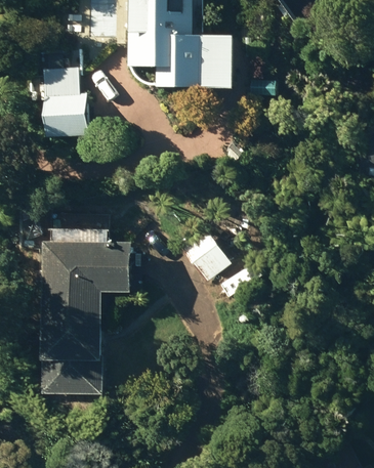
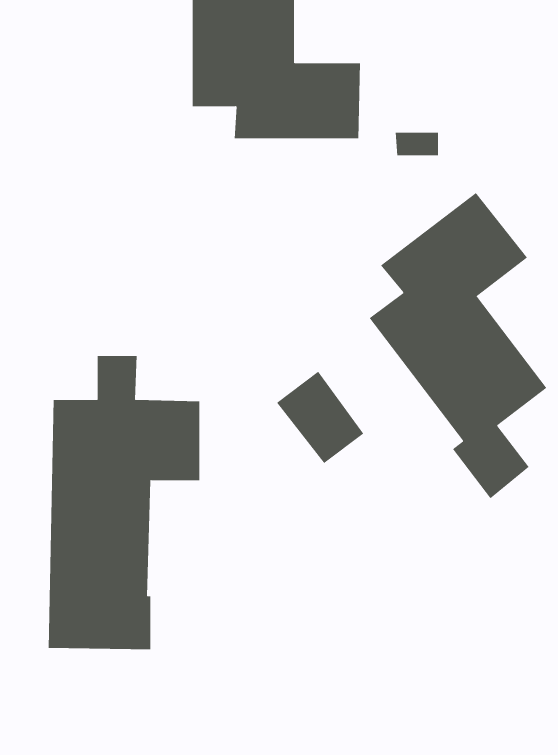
building: [44,51,88,135] -> none
building: none -> [369,192,547,499]

